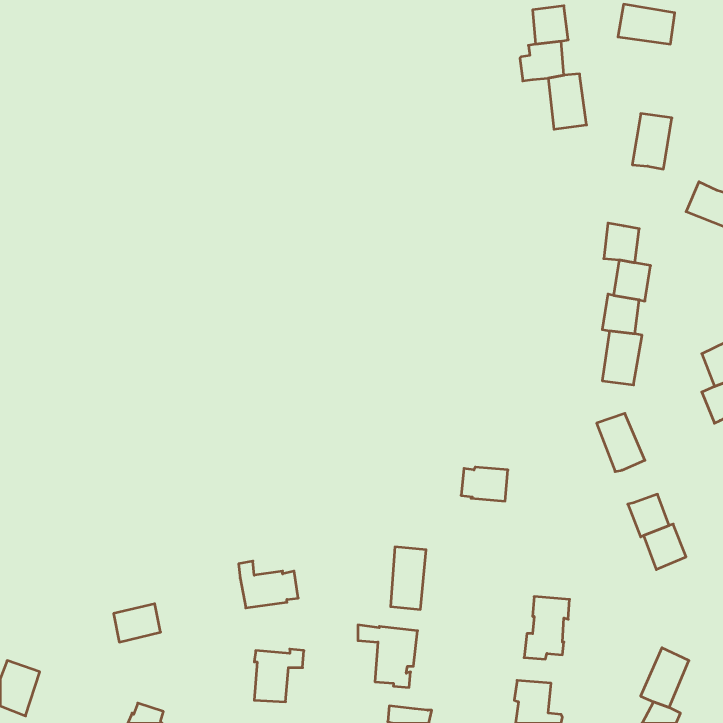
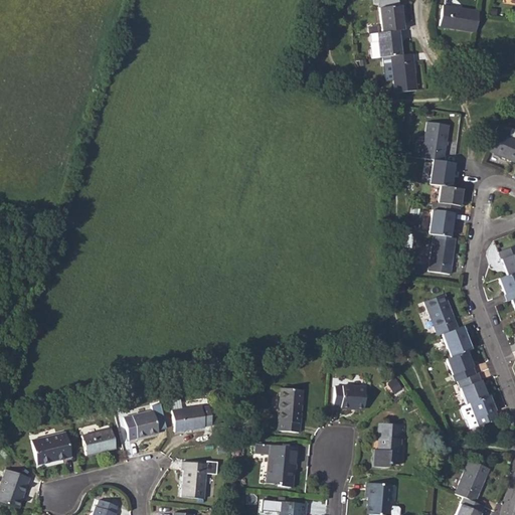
building: [632,114,672,169] -> [421,121,450,160]
building: none -> [443,325,473,356]
building: [461,467,508,501] -> [334,384,367,408]
building: none -> [469,393,499,424]
building: none -> [124,409,159,439]
building: none -> [32,431,71,464]

